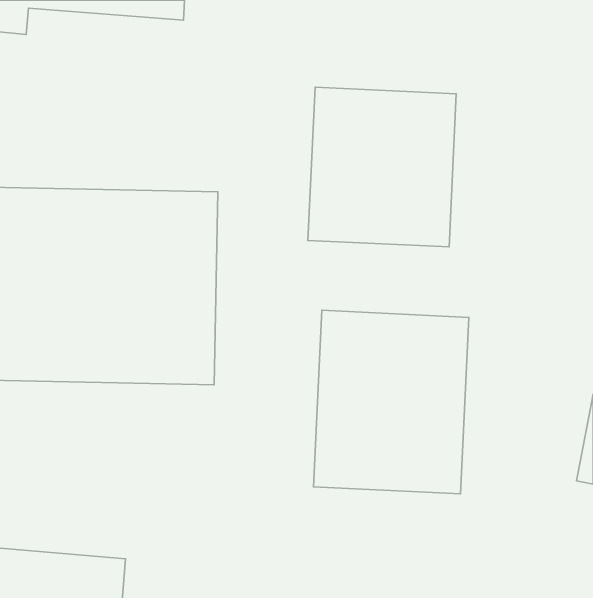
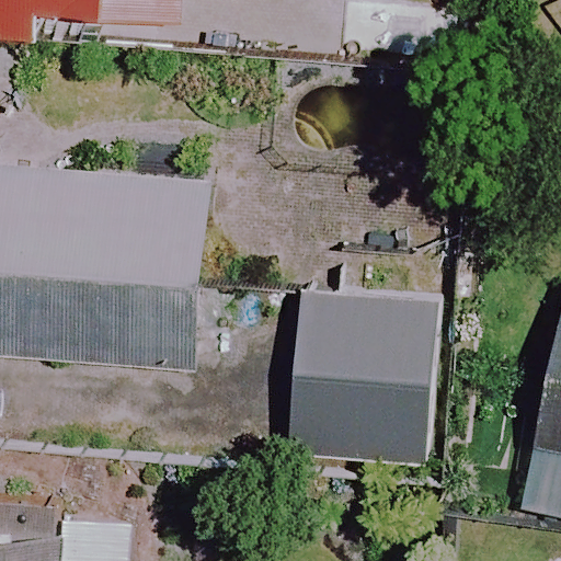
building: [308,87,456,247] -> none

